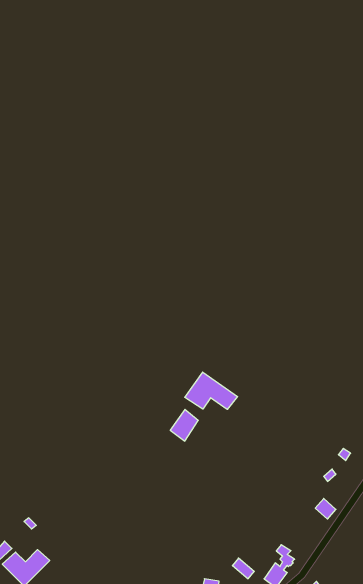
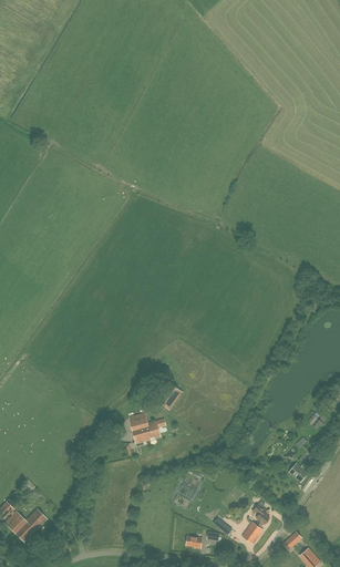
building: [185,372,238,409] -> none
building: none -> [130,412,166,443]

